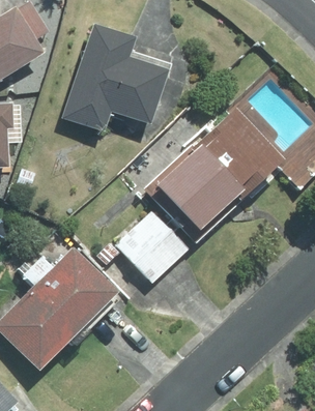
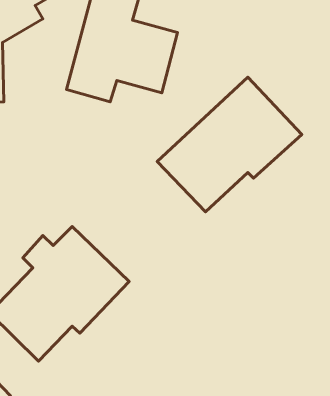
building: [118,208,193,283] -> none

